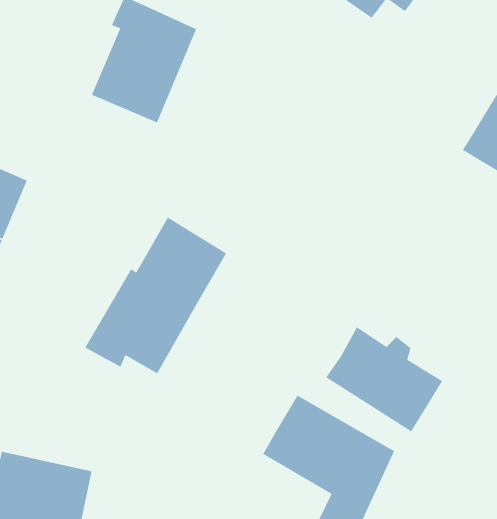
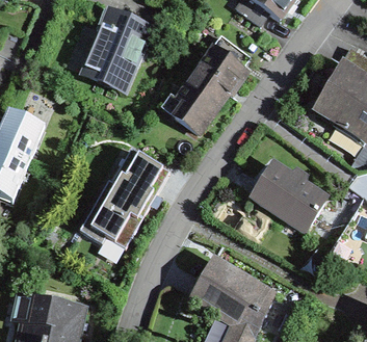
building: none -> [174,41,251,132]
building: [325,326,443,432] -> [252,163,325,230]

